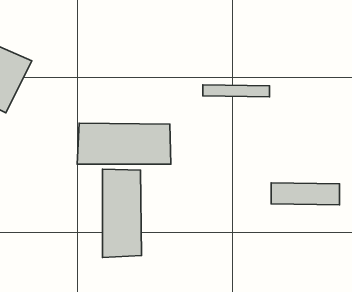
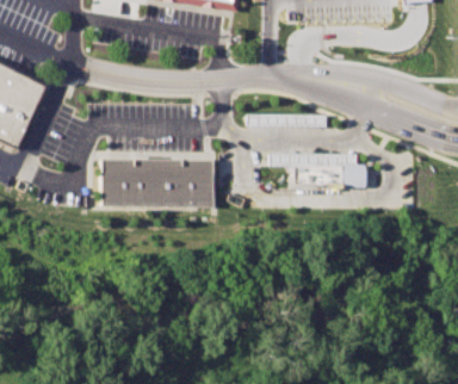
building: [102,169,141,257] -> none
building: [271,183,340,205] -> [286,161,367,187]

